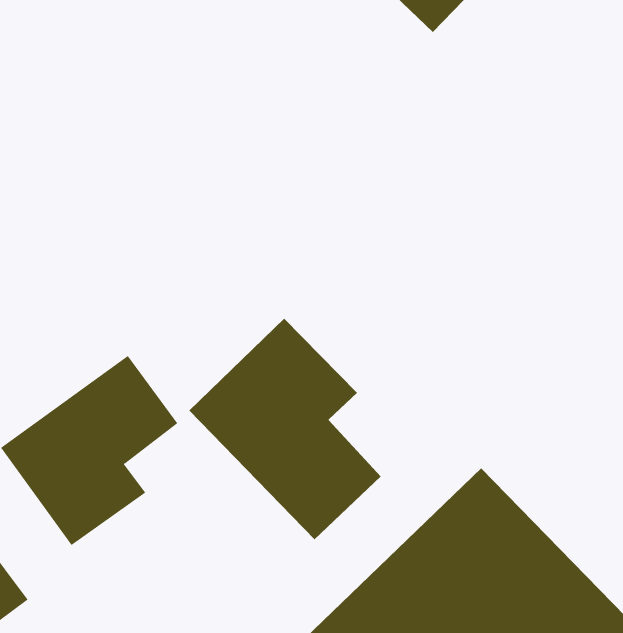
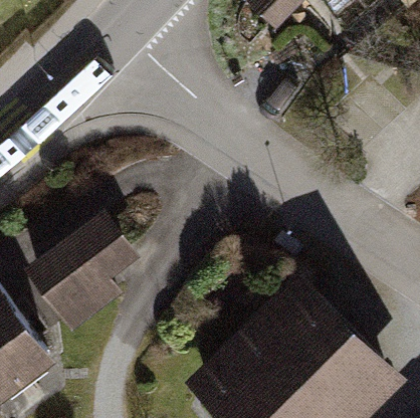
building: [188,318,381,540] -> none

